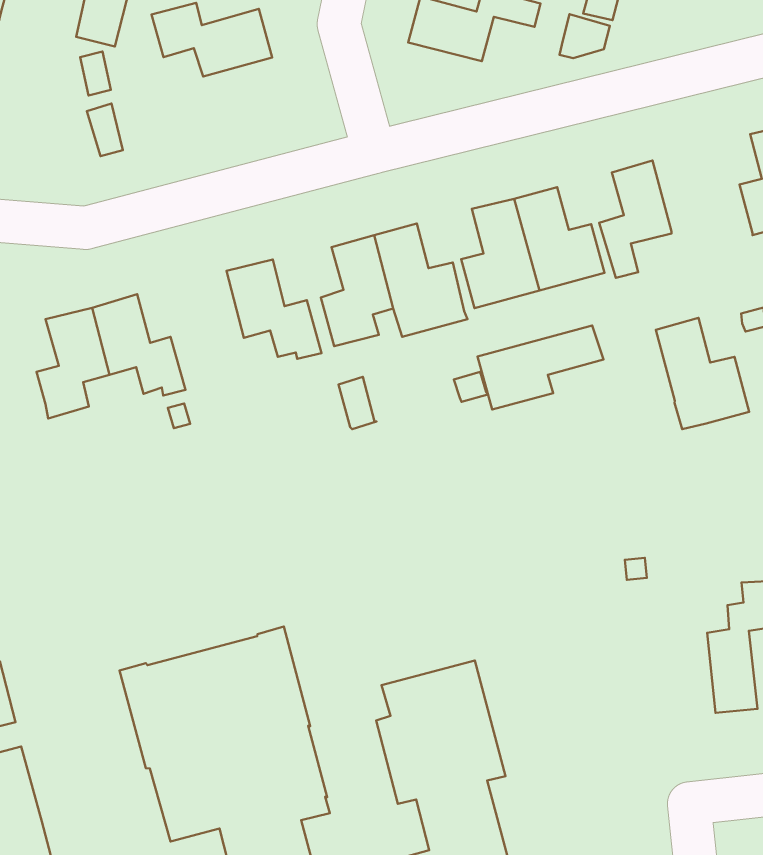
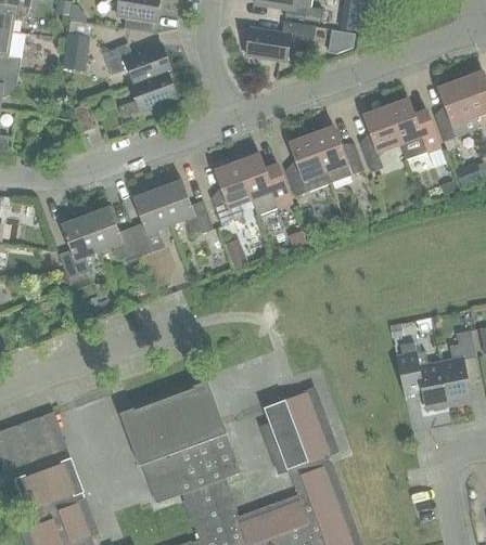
building: none -> [118,69,177,117]
building: none -> [130,189,170,256]
building: [656,318,749,429] -> [385,98,440,159]
building: [478,326,603,410] -> none
building: none -> [396,341,448,410]

